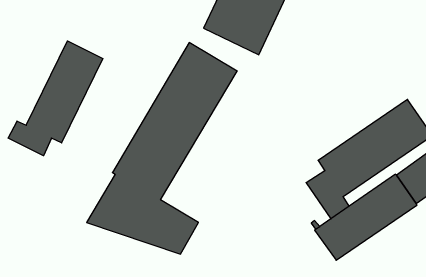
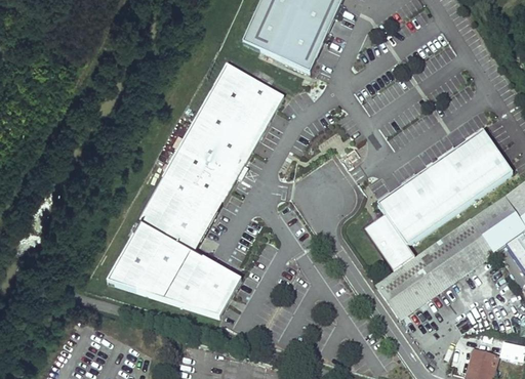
building: [8,41,103,156] -> none

